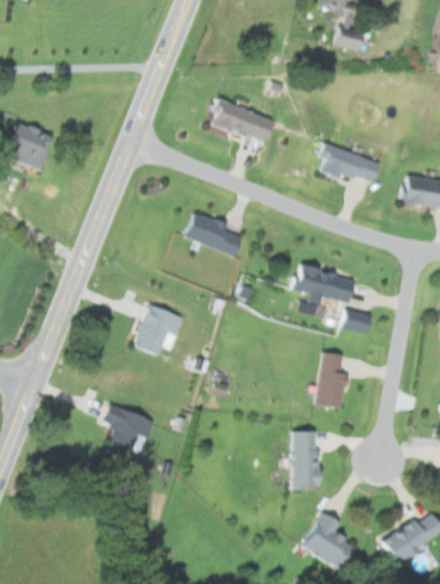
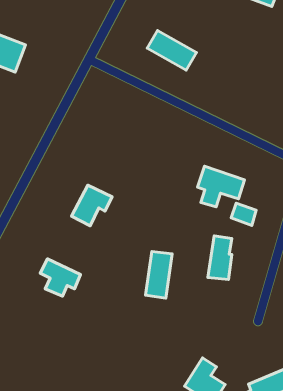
building: [317,144,379,183] -> none
building: [184,212,242,255] -> none
building: [291,431,320,489] -> [145,252,172,298]

